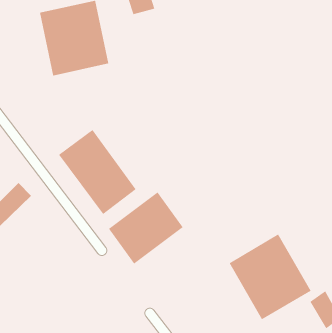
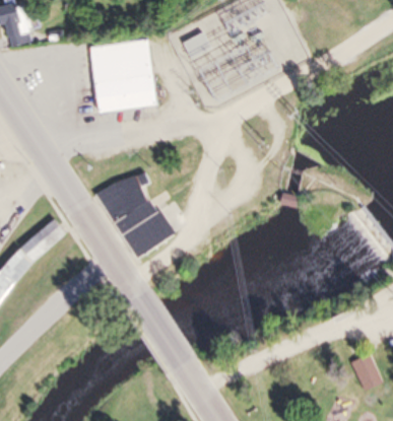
building: [108,191,183,264] -> none
building: [229,233,311,320] -> none

